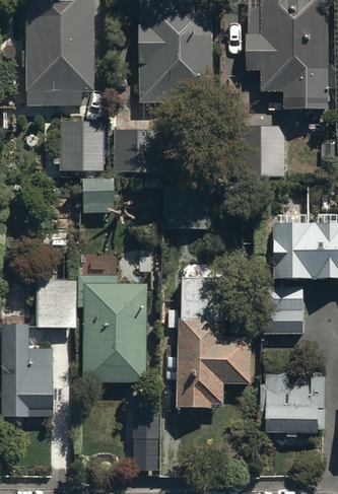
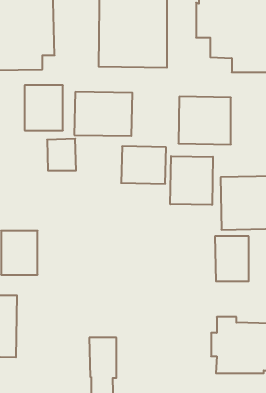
building: none -> [170,156,213,205]
building: [77,273,145,380] -> none
building: [178,275,251,407] -> none

